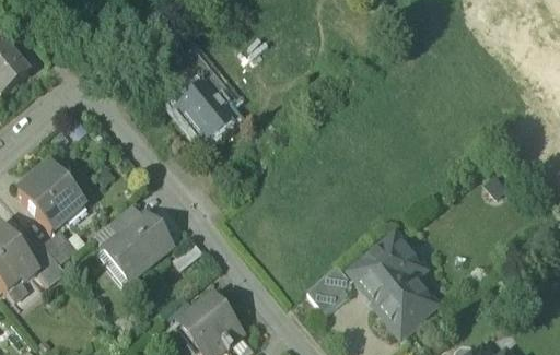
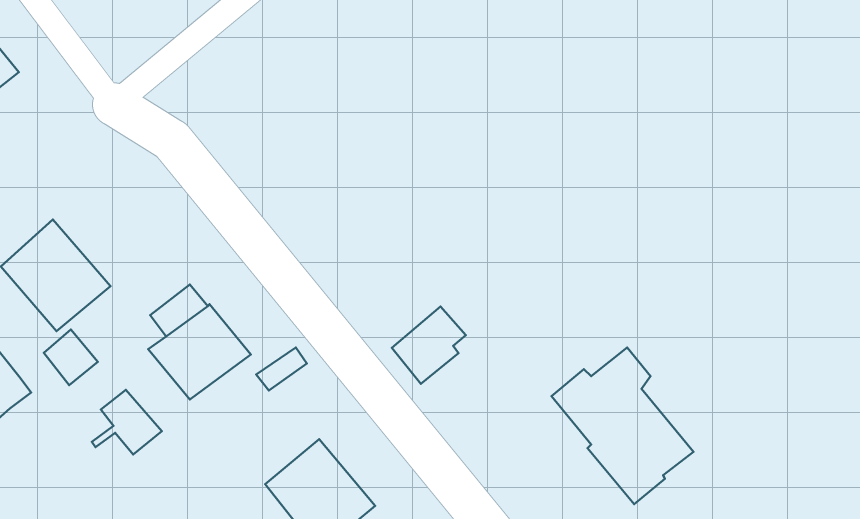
building: [166,50,236,144] -> none
building: [23,246,66,285] -> [92,390,162,454]
building: [308,264,353,311] -> [392,306,466,384]

